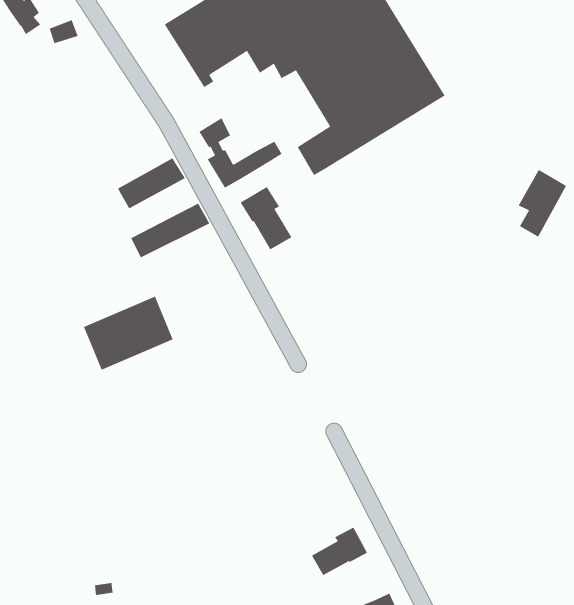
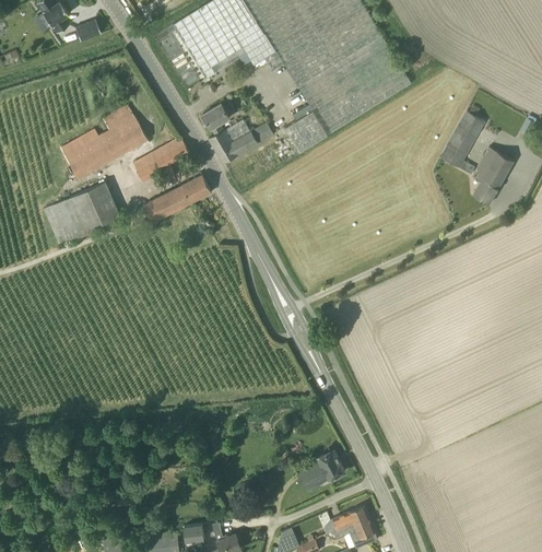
building: none -> [60,103,148,178]
building: none -> [440,110,485,175]
building: [240,186,292,250] -> none
building: [83,296,173,371] -> [44,183,120,246]

